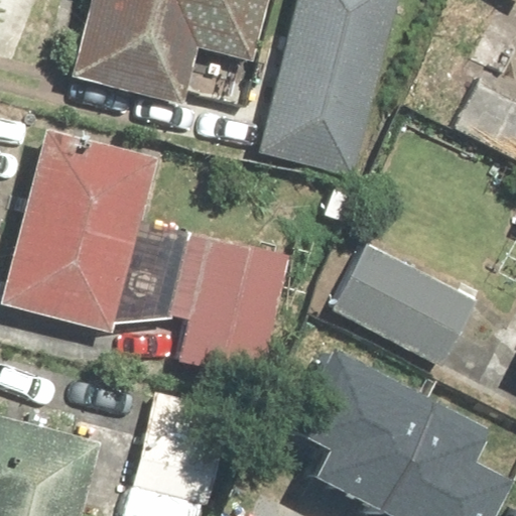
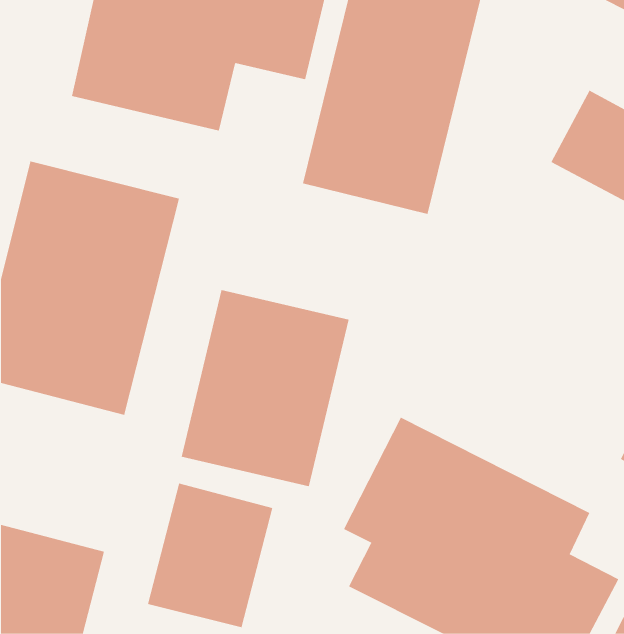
building: [331,242,478,370] -> none

